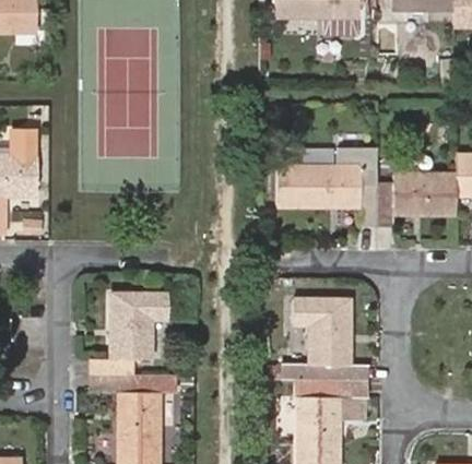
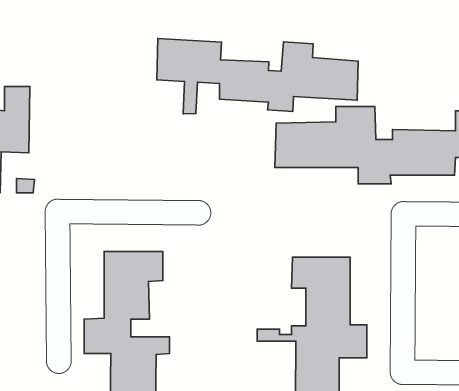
building: none -> [157,39,358,114]

